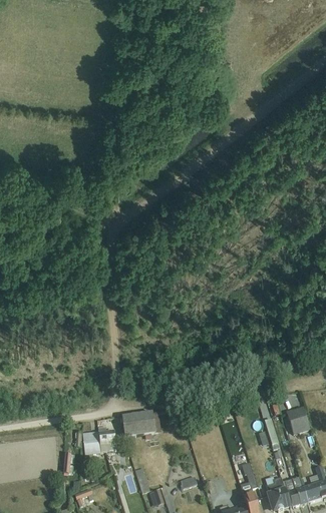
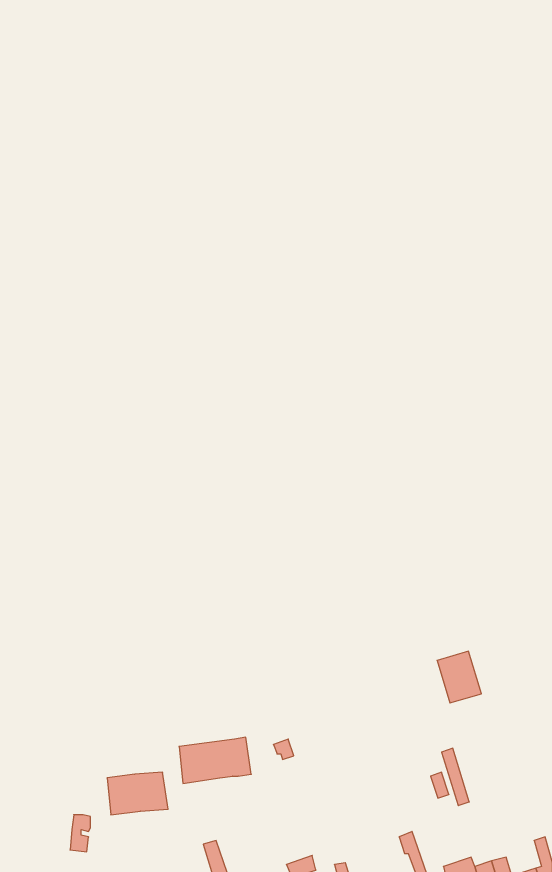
building: [286,408,310,436] -> [437,651,481,703]

